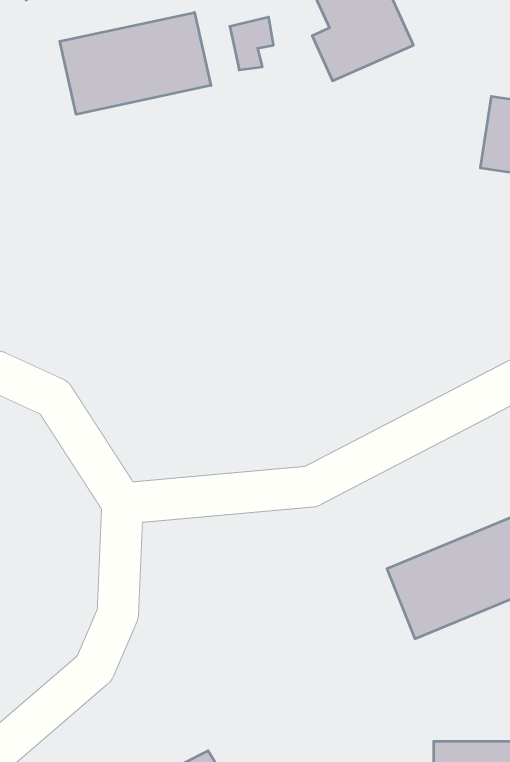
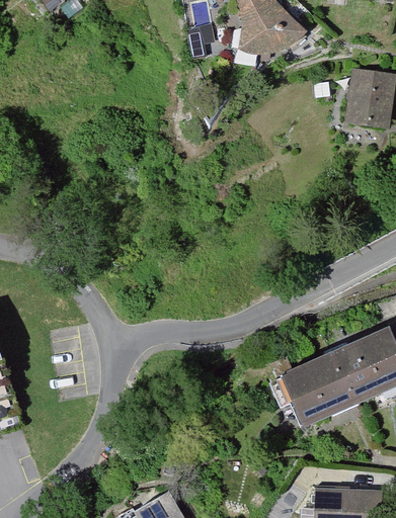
building: [60,12,211,114] -> none

